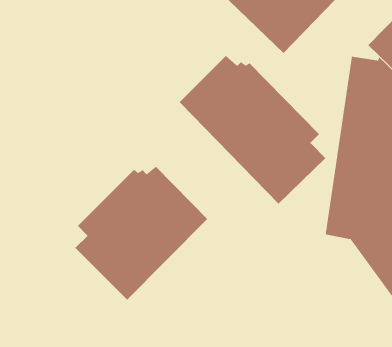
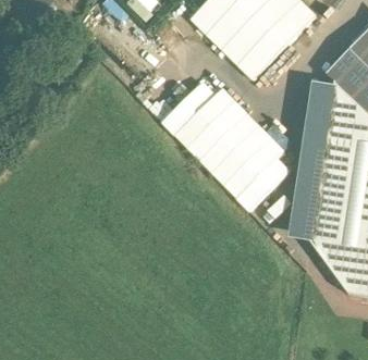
building: [74,166,209,301] -> none

